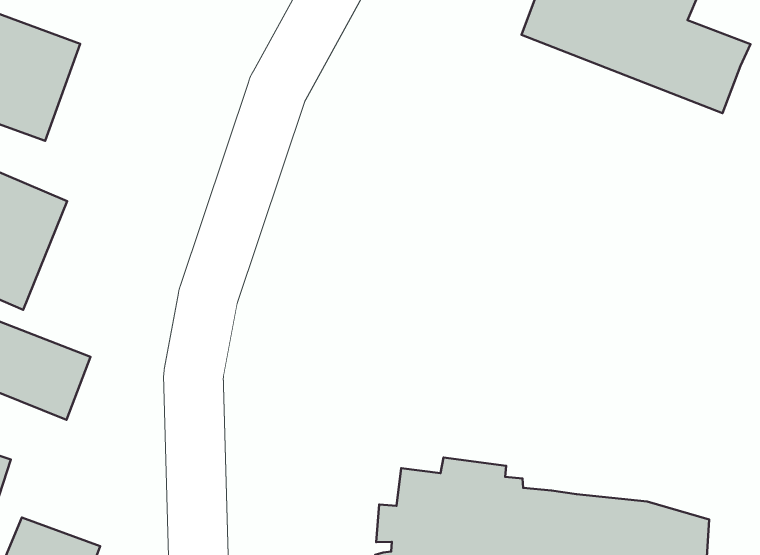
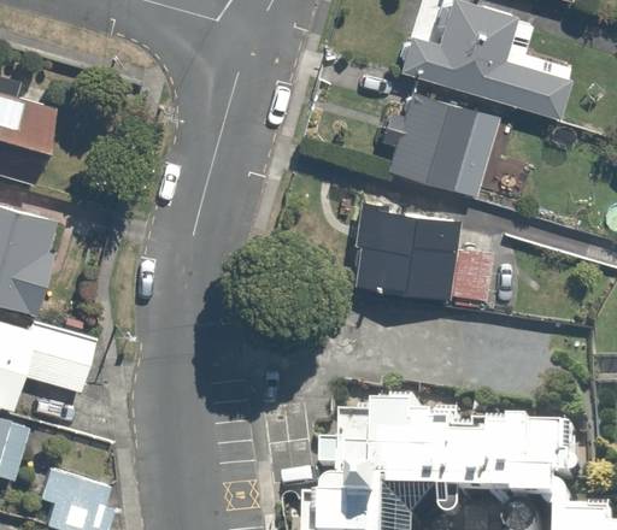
building: none -> [383,89,500,200]
building: none -> [348,207,499,306]

